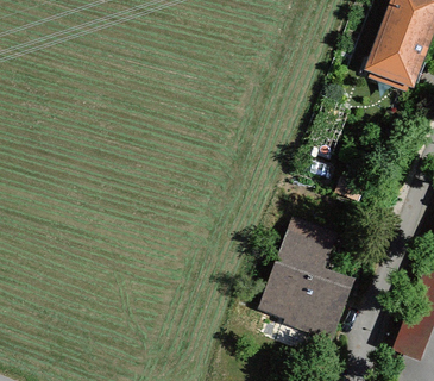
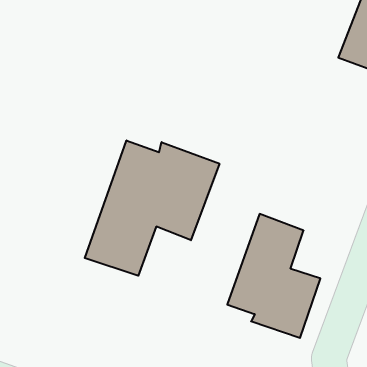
building: none -> [85,140,219,276]

